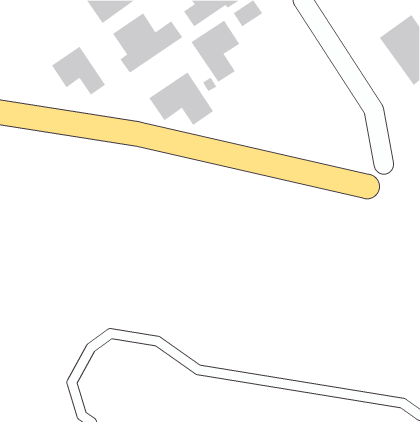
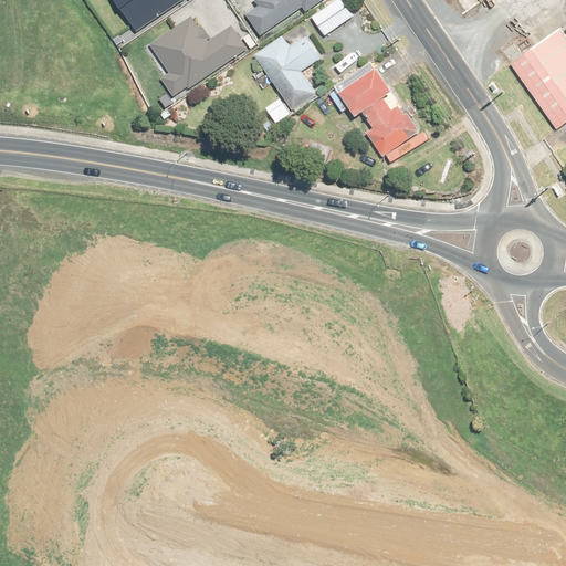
building: [51,46,106,96] -> none
building: none -> [336,63,419,157]
building: [149,71,214,126] -> none

